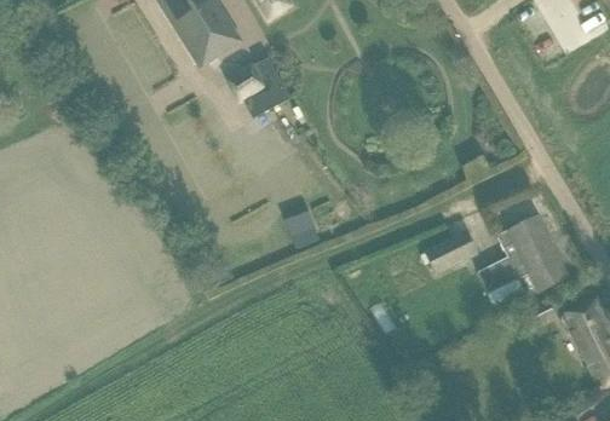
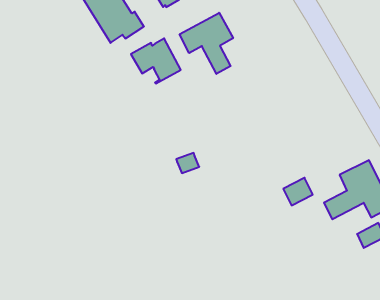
building: none -> [180,13,233,74]

